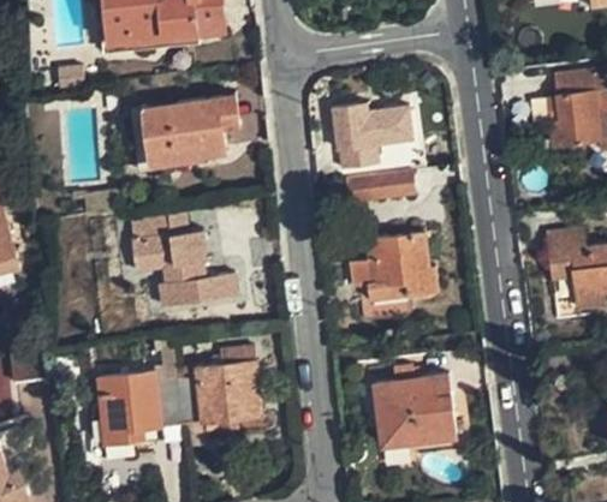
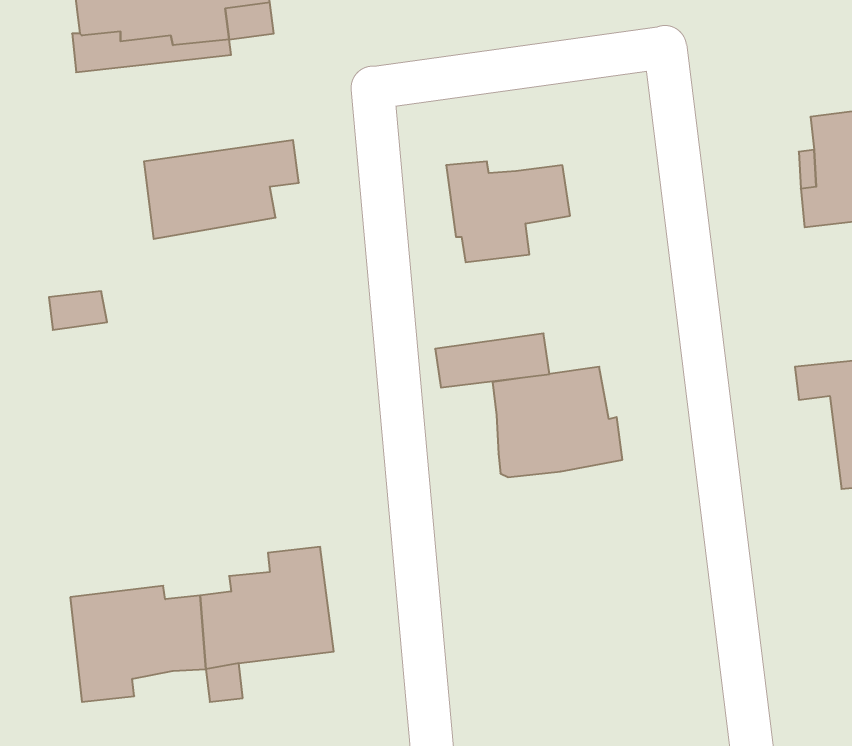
building: [344,174,415,208] -> [435,333,549,388]
building: [125,210,234,304] -> none
building: [376,367,458,449] -> none

